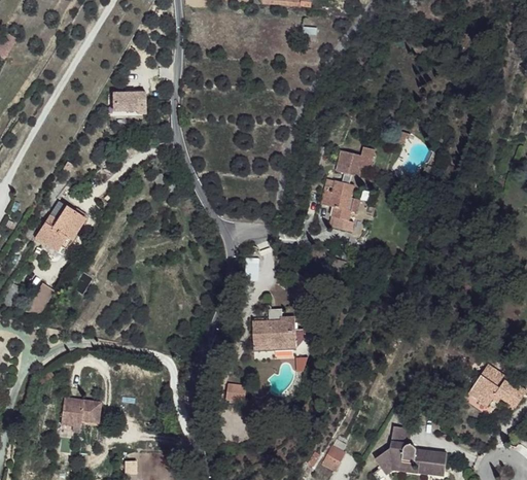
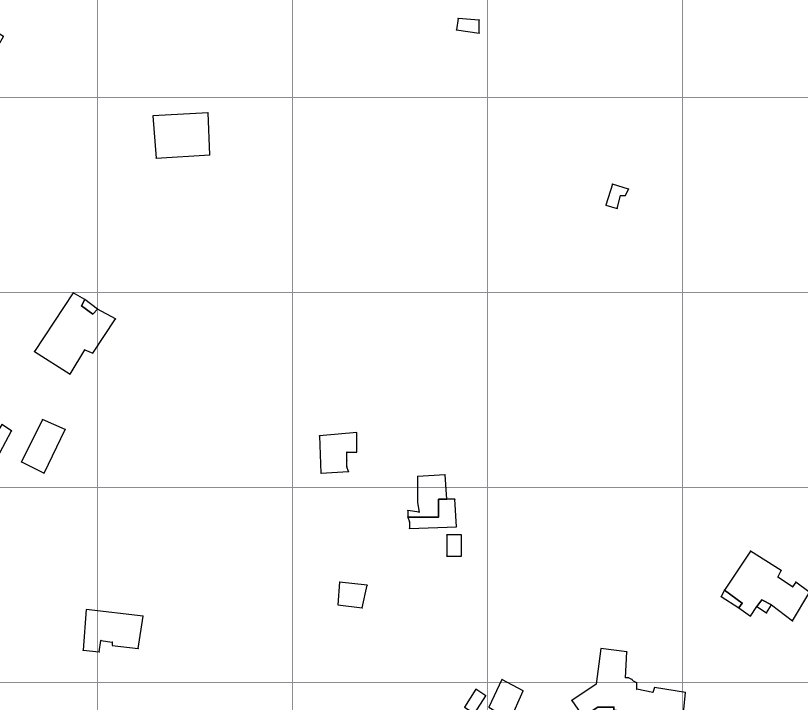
building: [321,147,374,233] -> none
building: [253,321,277,347] -> [319,433,357,473]

